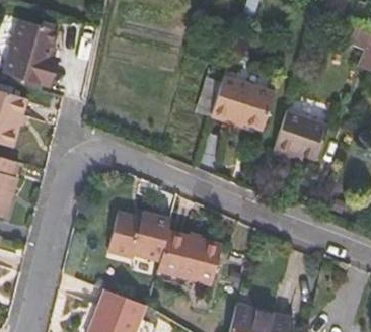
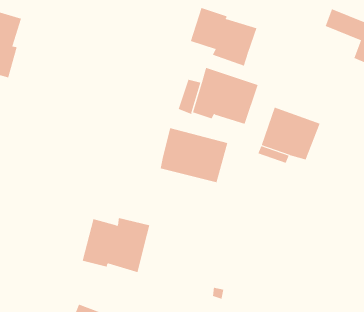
building: none -> [190,7,257,66]
building: [160,234,223,284] -> [160,127,228,183]

